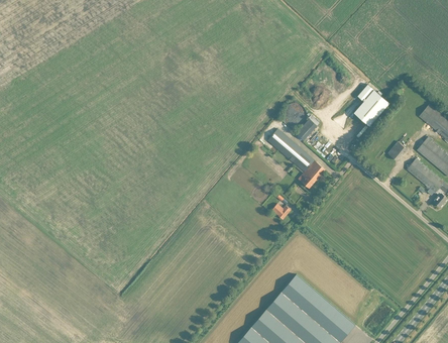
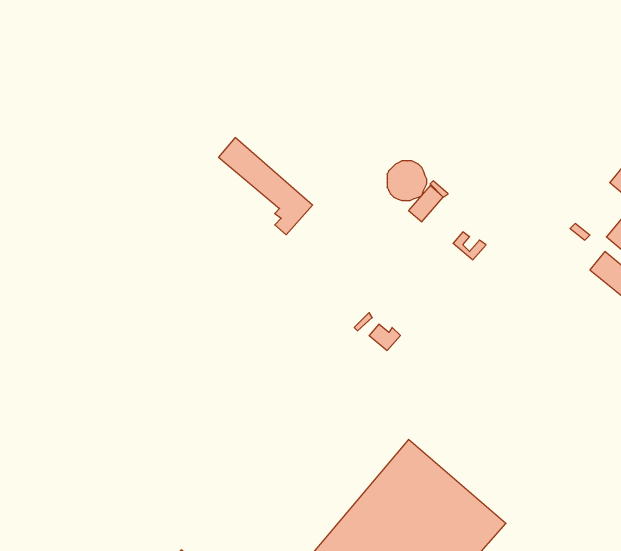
building: [353,84,388,126] -> none
building: [266,128,324,188] -> [219,138,313,235]

